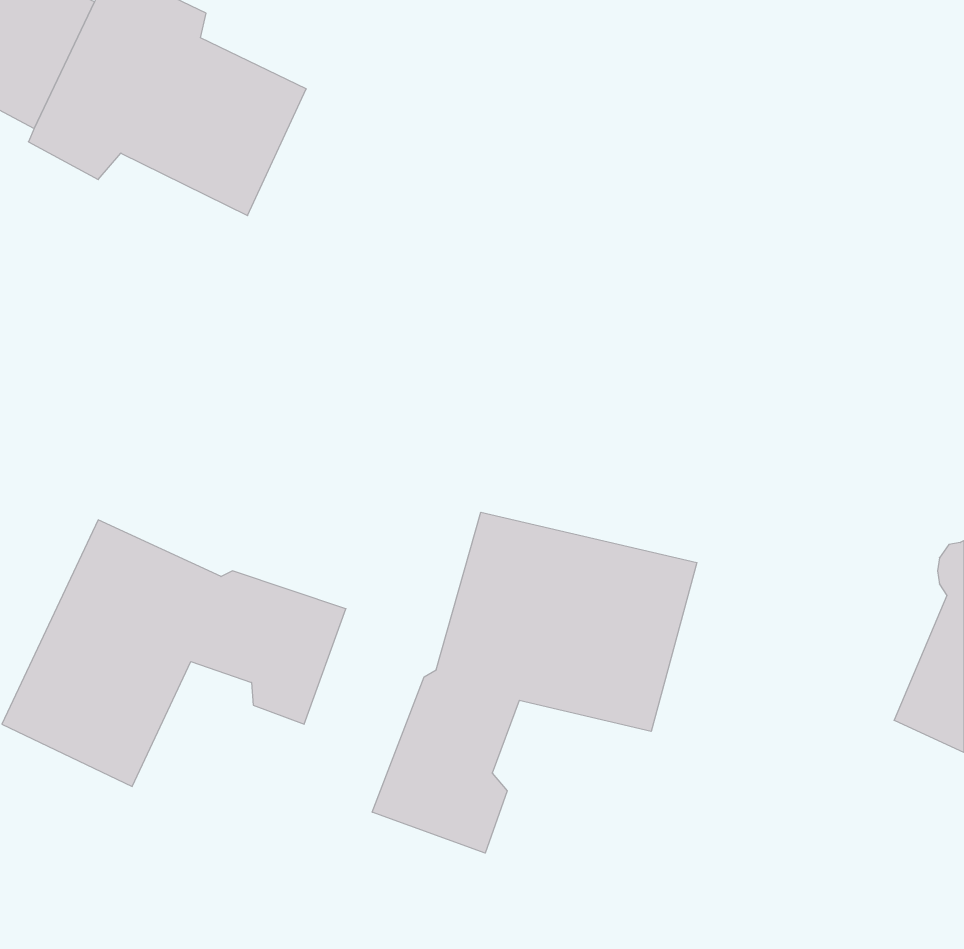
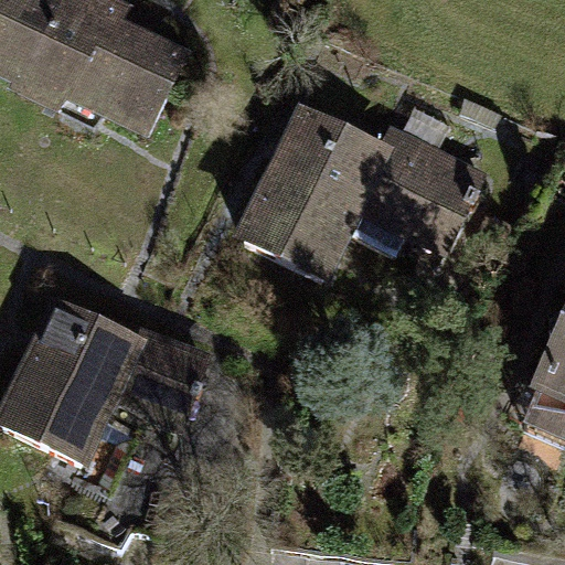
building: none -> [243,108,478,275]
building: [372,512,697,853] -> none

